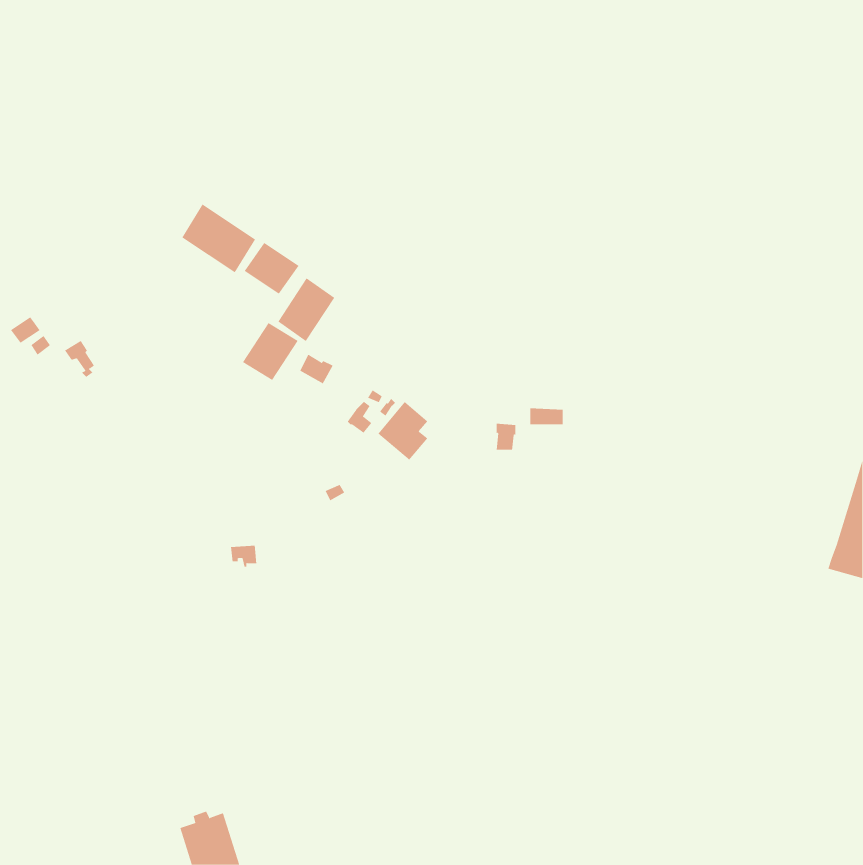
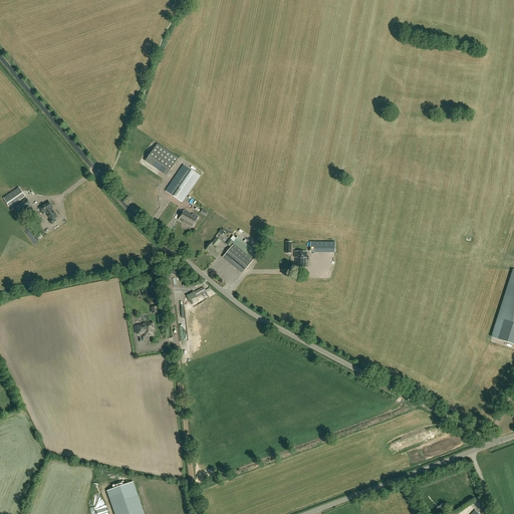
building: [181,204,256,273] -> none
building: [242,322,299,381] -> none

